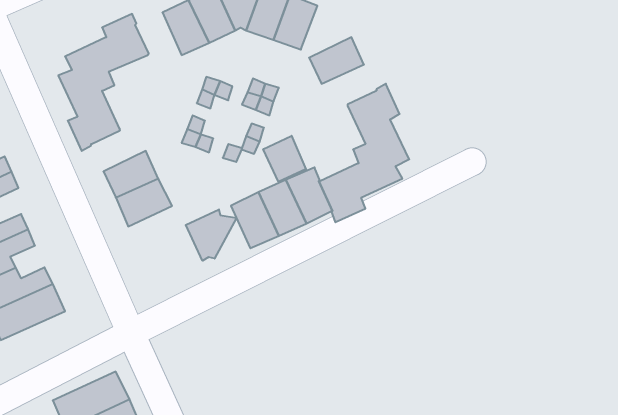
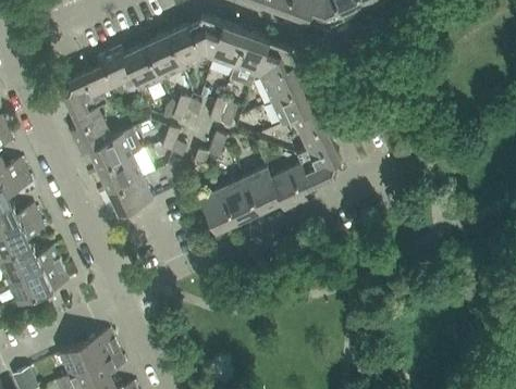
building: none -> [256,39,296,80]
building: none -> [124,45,161,88]
building: none -> [272,86,316,124]
building: none -> [89,133,133,171]
building: [263,136,306,182] -> none
building: [186,209,237,261] -> none

